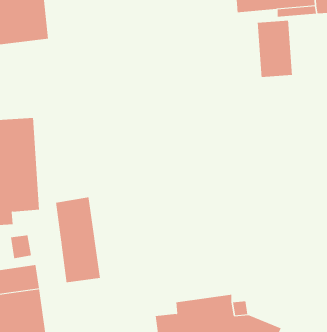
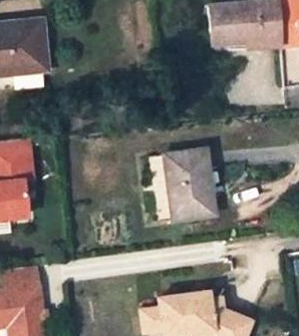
building: [257,20,292,78] -> none
building: none -> [164,149,213,220]
building: [56,196,101,283] -> none

